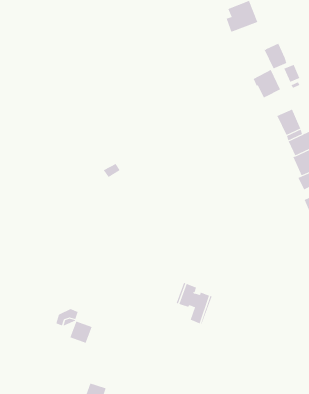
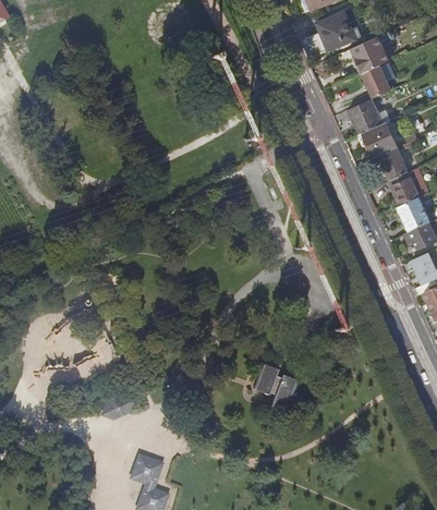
building: none -> [355,44,389,73]
building: none -> [363,123,397,158]
building: [70,321,92,344] -> [132,457,160,485]

